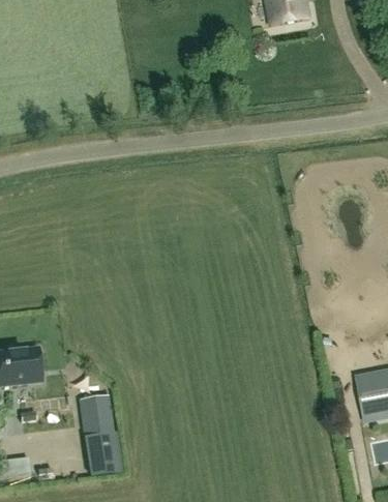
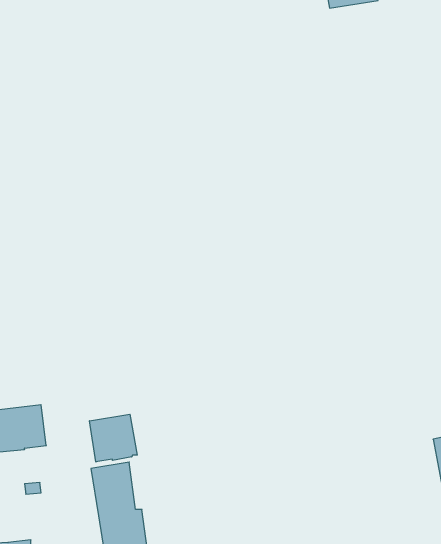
building: none -> [90,414,137,462]

